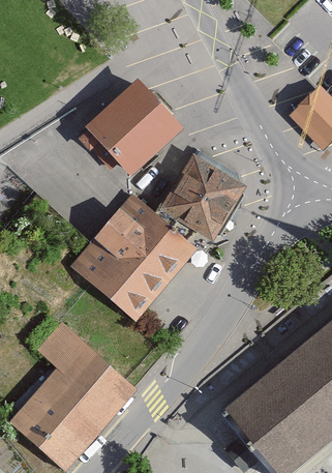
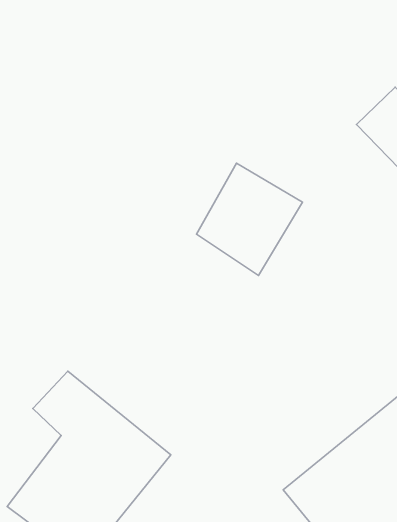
building: [79,79,183,176] -> none
building: [86,189,195,319] -> none

